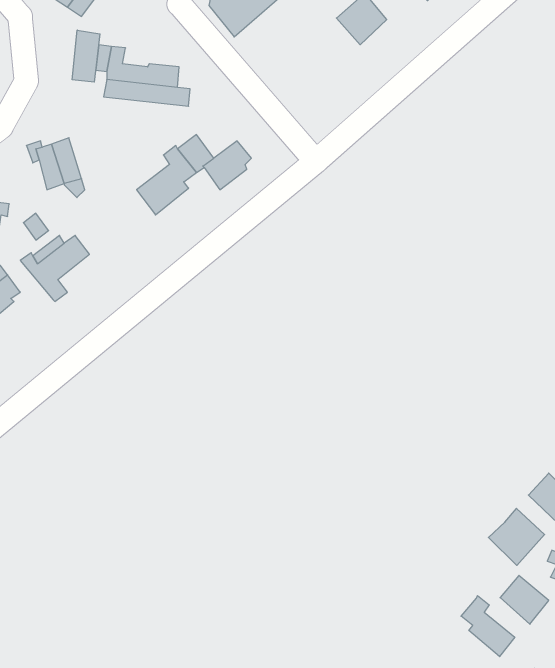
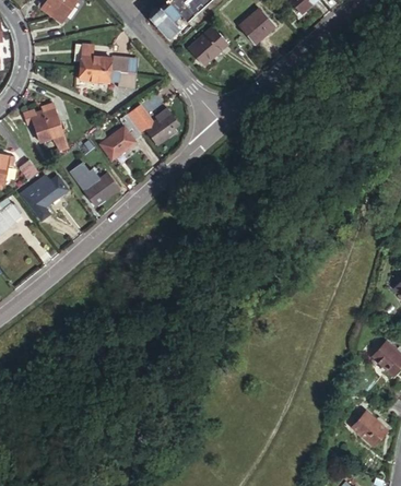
building: none -> [189,26,228,64]
building: [72,30,100,82] -> none
building: none -> [71,162,120,204]
building: [488,508,545,565] -> none
building: [461,596,515,657] -> none

